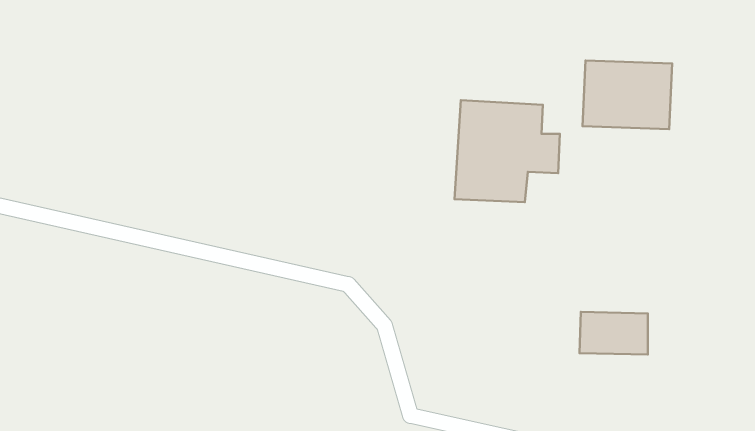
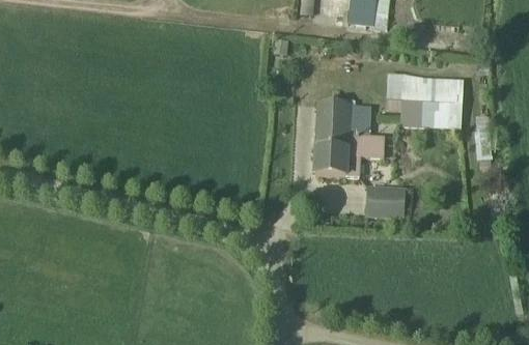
building: [579,312,648,355] -> [365,184,412,213]

